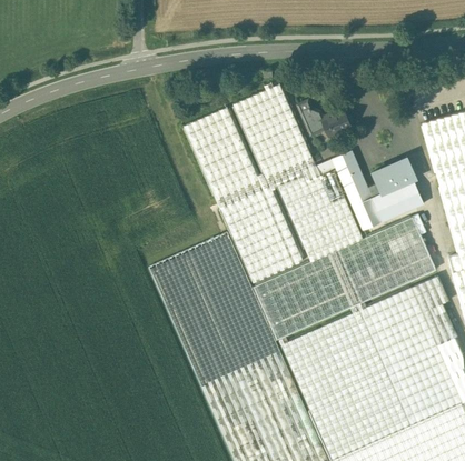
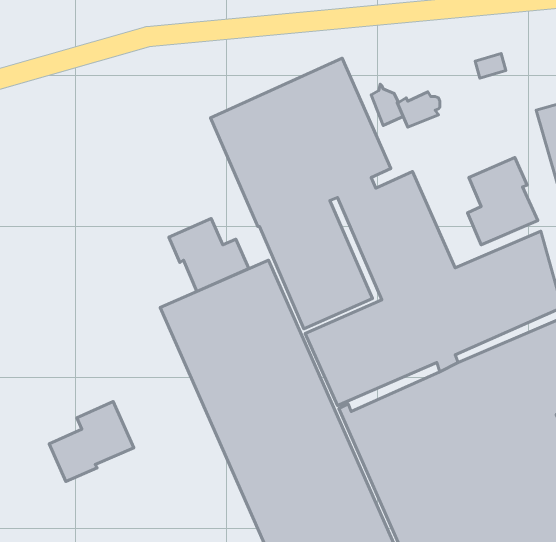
building: [301,150,382,230] -> none
building: none -> [169,219,249,292]
building: none -> [49,402,134,481]

